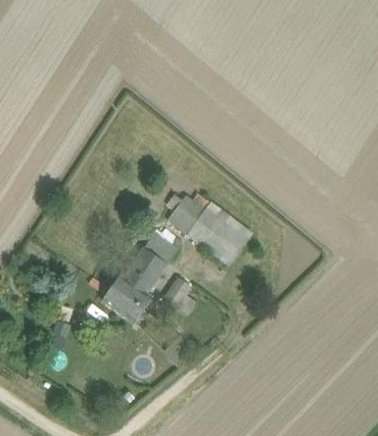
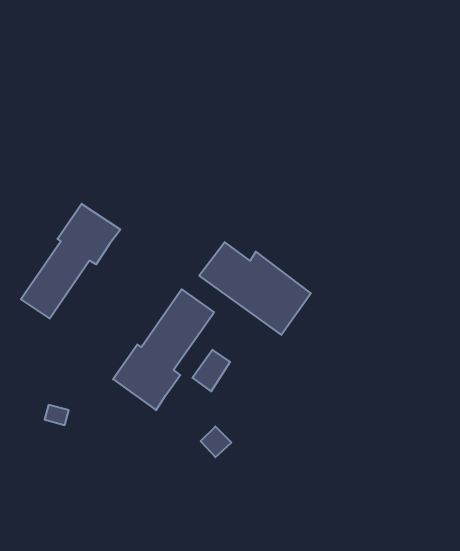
building: none -> [21,204,120,319]

